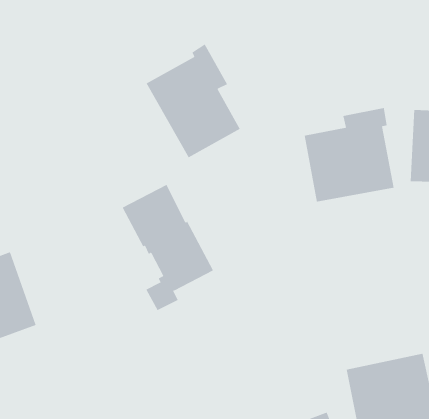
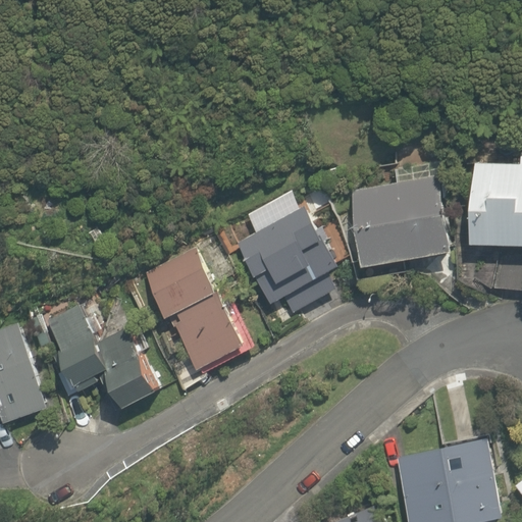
building: [146,44,241,158] -> none
building: none -> [237,206,337,314]
building: none -> [46,305,158,410]

